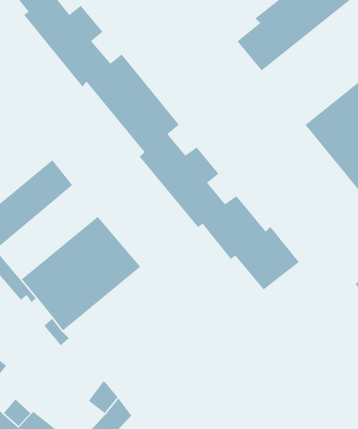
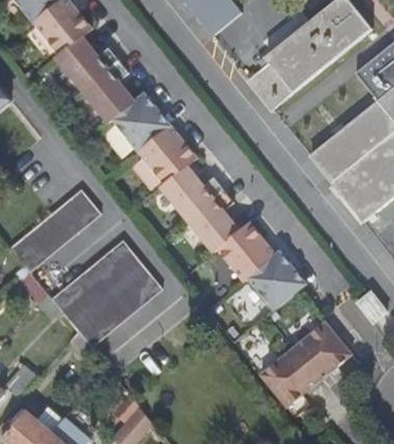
building: none -> [257,321,350,406]

